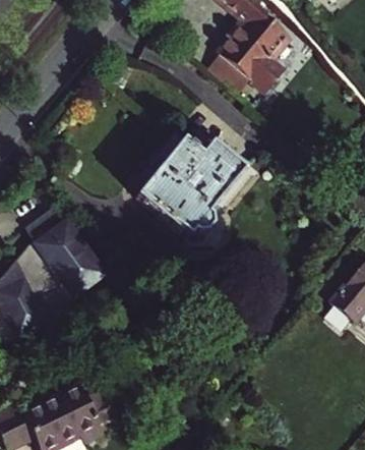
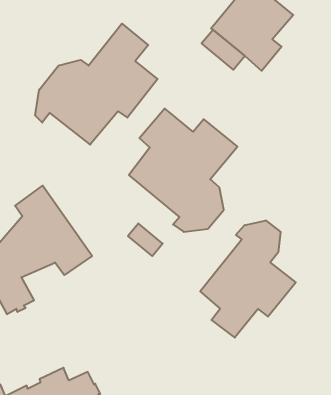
building: none -> [35,24,158,145]
building: none -> [200,220,296,338]

